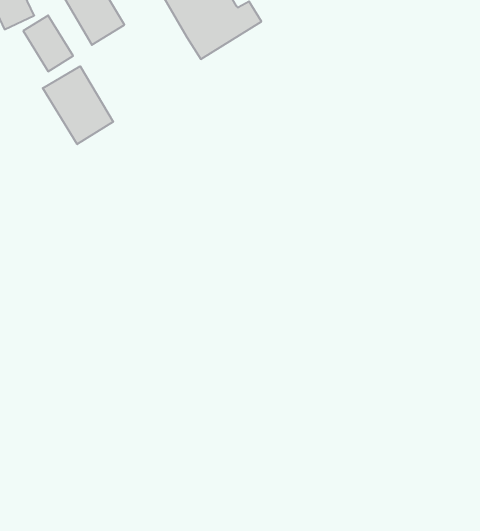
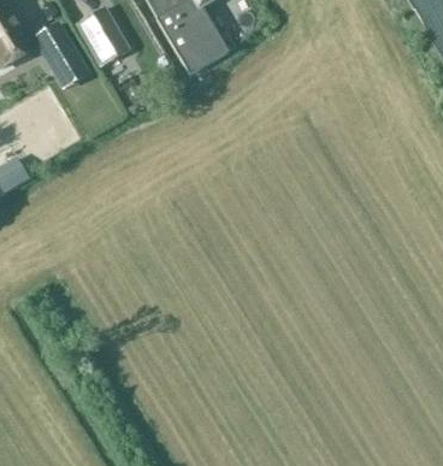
building: [43,66,113,144] -> none

